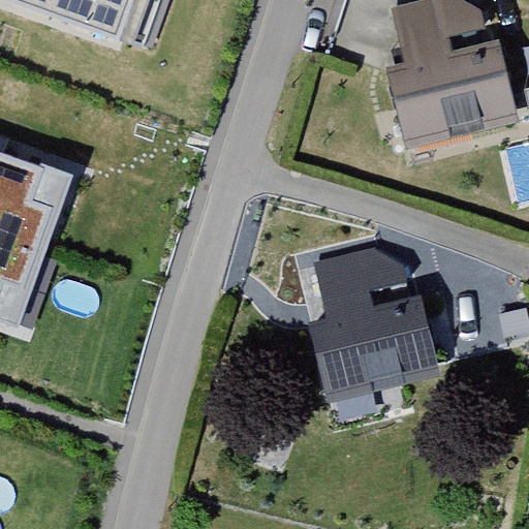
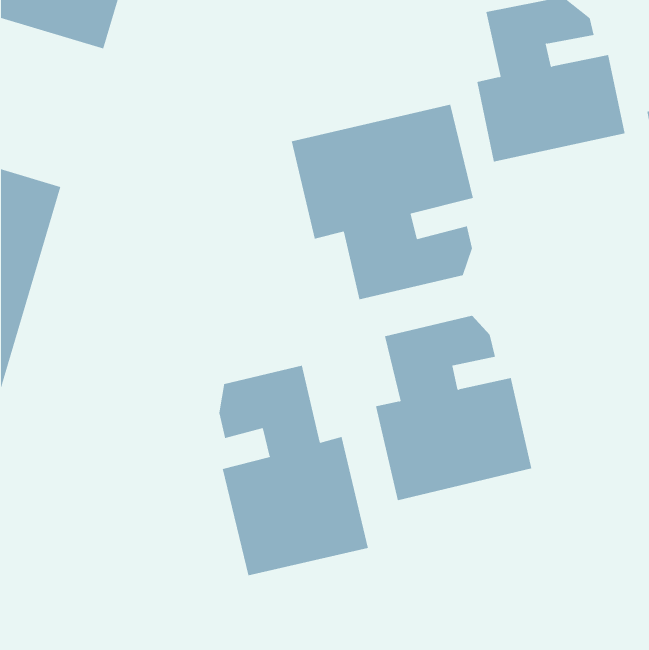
building: none -> [291,104,473,300]
building: none -> [219,365,368,576]

